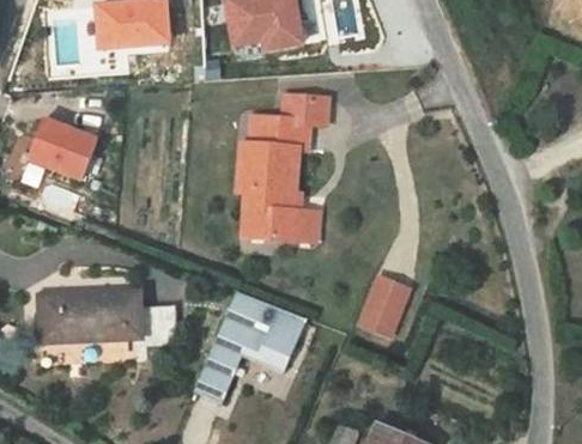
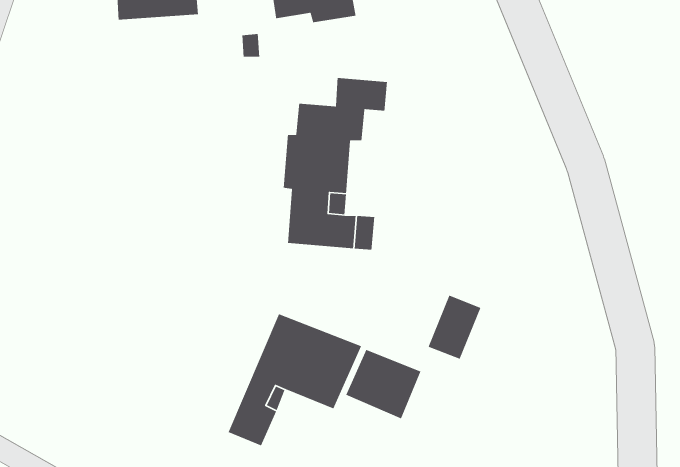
building: [28,117,97,177] -> none
building: [40,290,178,343] -> none
building: none -> [345,349,422,419]

